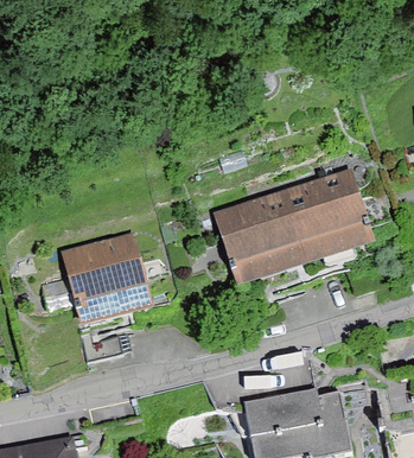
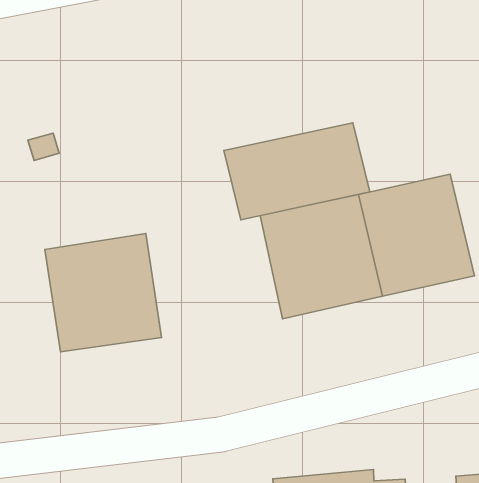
building: none -> [224,123,370,220]

